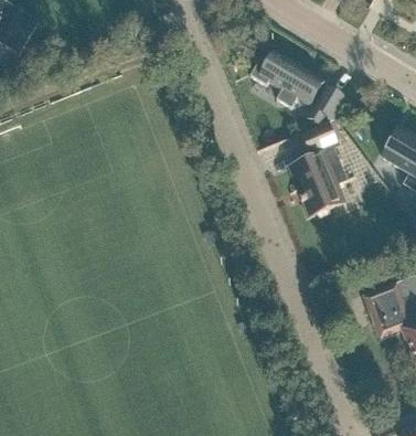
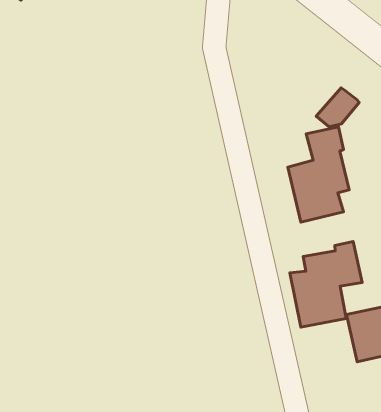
building: [250,51,323,107] -> none
building: none -> [290,242,362,327]

